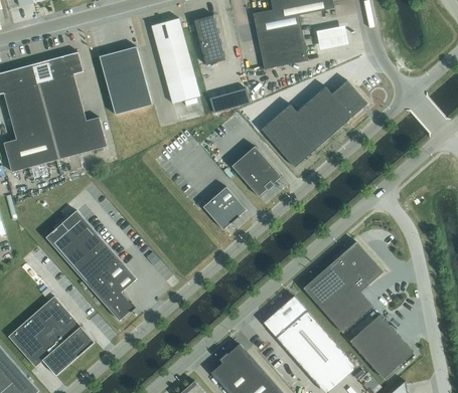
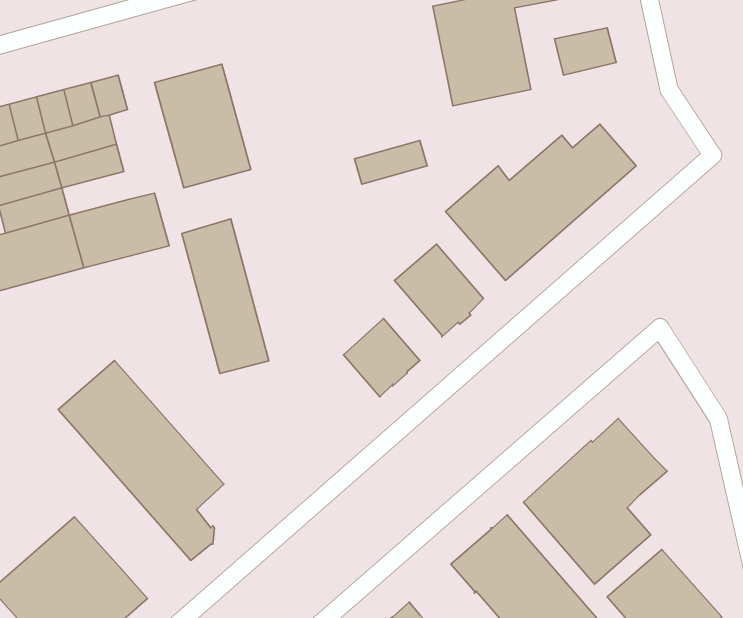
building: [193,15,225,65] -> none
building: [151,18,199,104] -> [182,219,269,373]
building: [47,106,86,130] -> none

